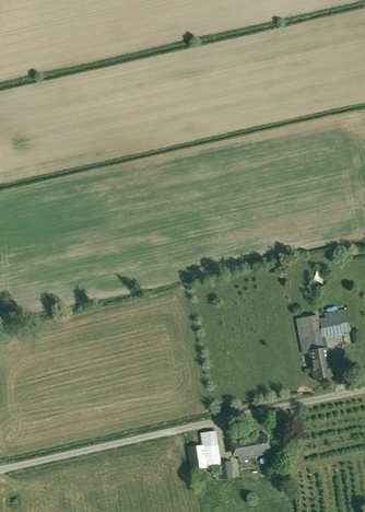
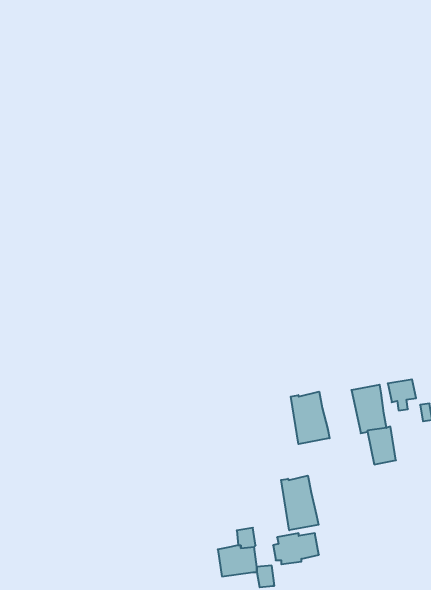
building: none -> [291,392,330,444]
building: none -> [281,476,319,530]

